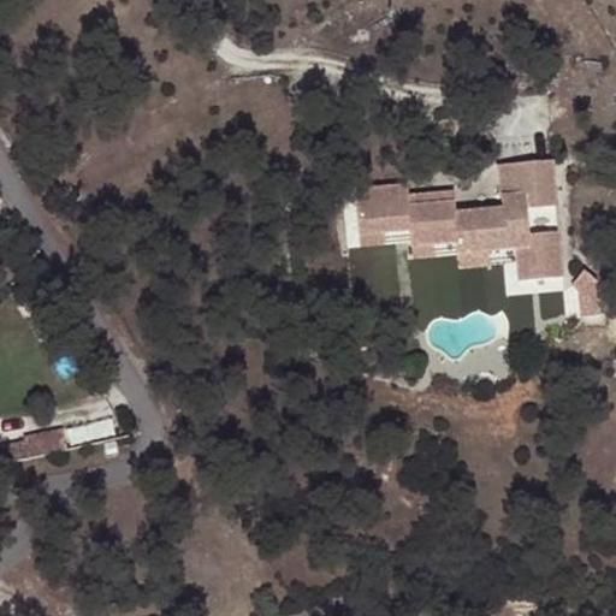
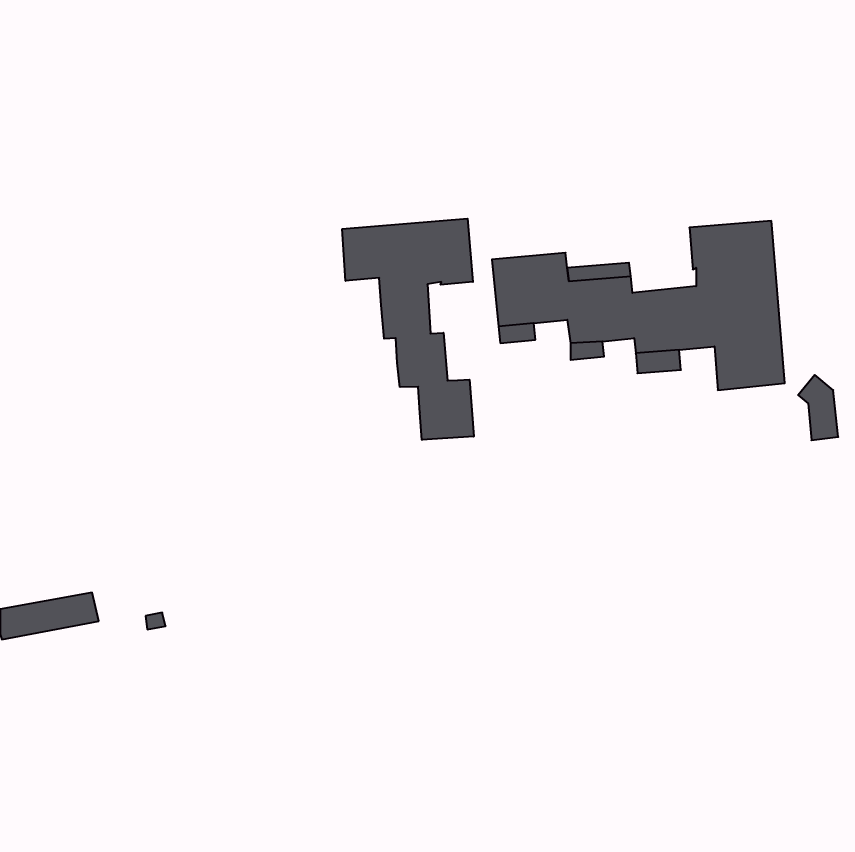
building: none -> [342,219,474,440]

